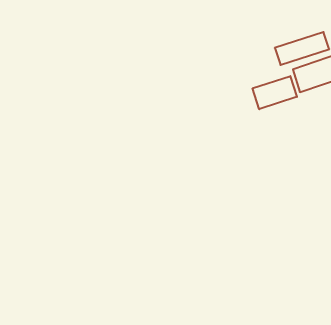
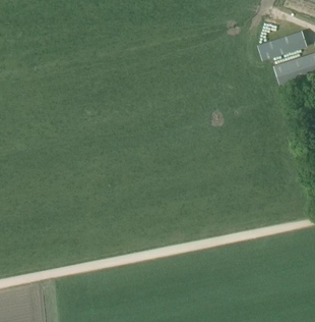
building: [253,76,297,109] -> none

